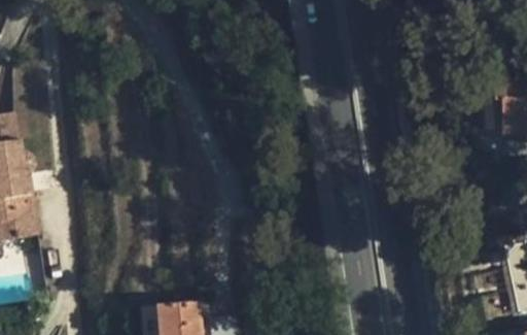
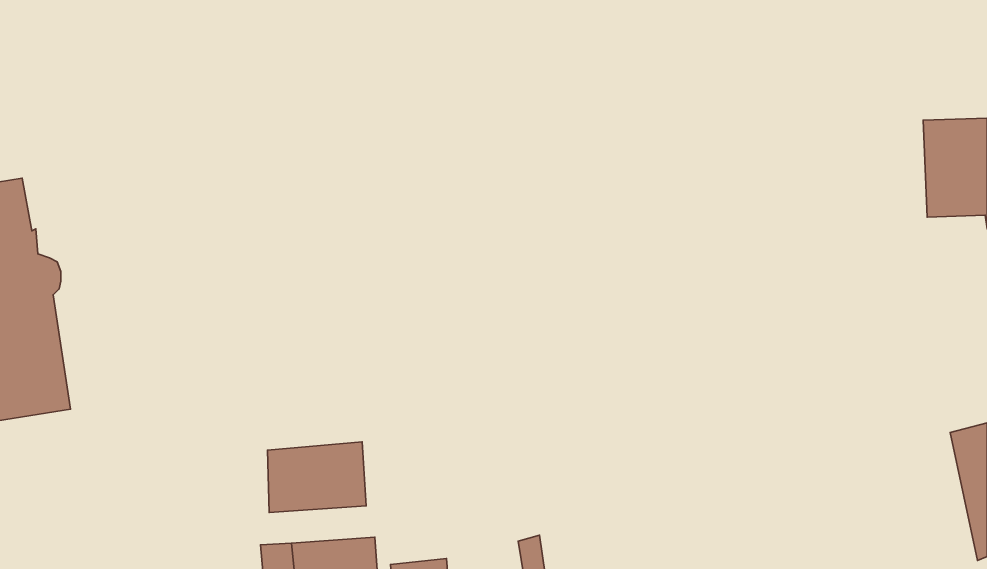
building: none -> [268,442,366,513]

